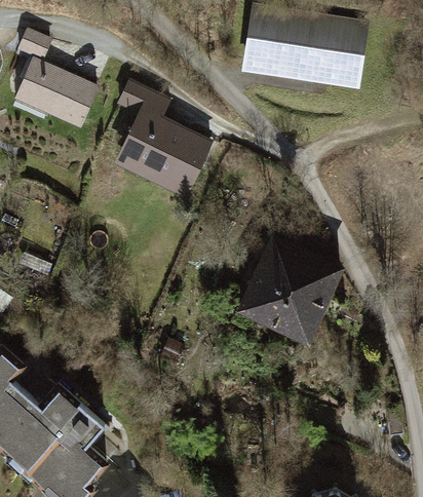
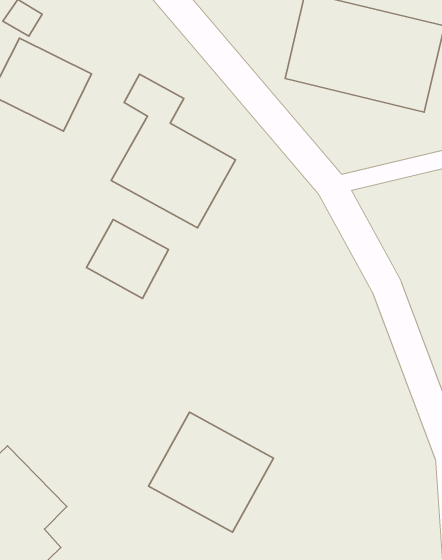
building: none -> [87,219,168,298]
building: [238,246,336,339] -> [148,412,273,532]

